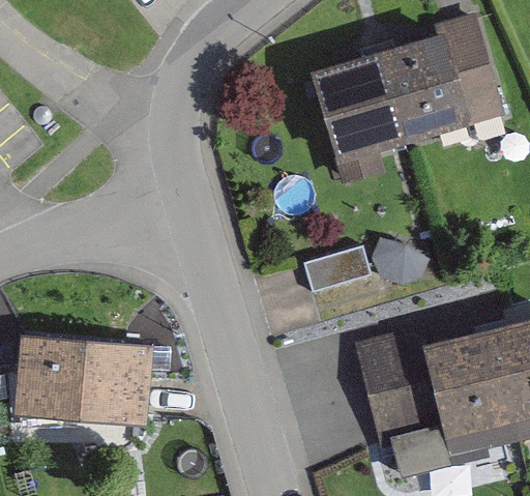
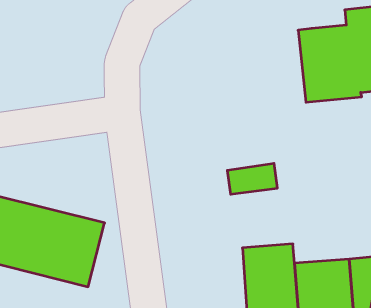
building: [311,63,403,171] -> none

